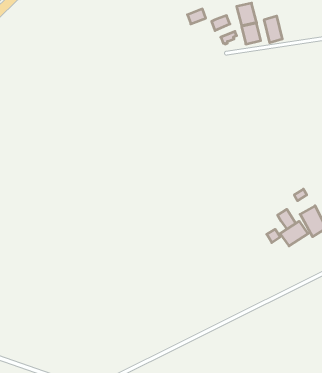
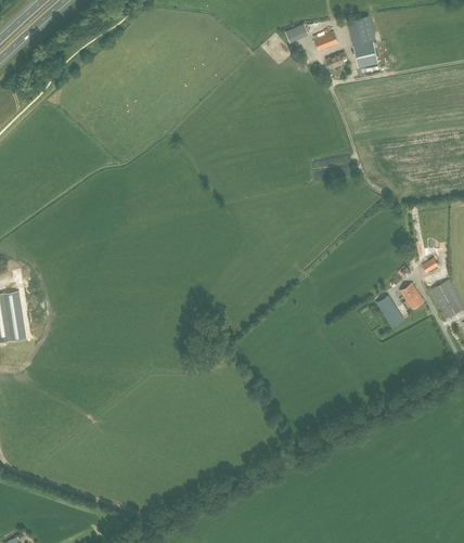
building: [264,16,282,43] -> none
building: [280,221,308,246] -> none

